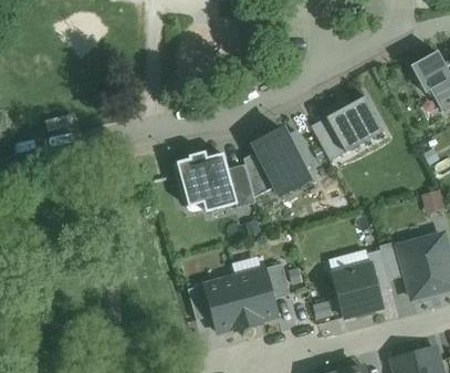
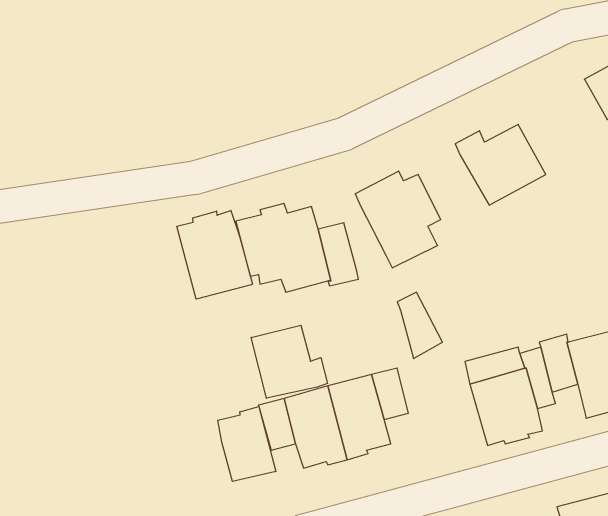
building: [311,116,345,159] -> none
building: [243,151,274,196] -> [397,292,442,358]
building: none -> [177,210,252,299]
building: none -> [251,325,328,398]
building: none -> [218,407,276,481]

